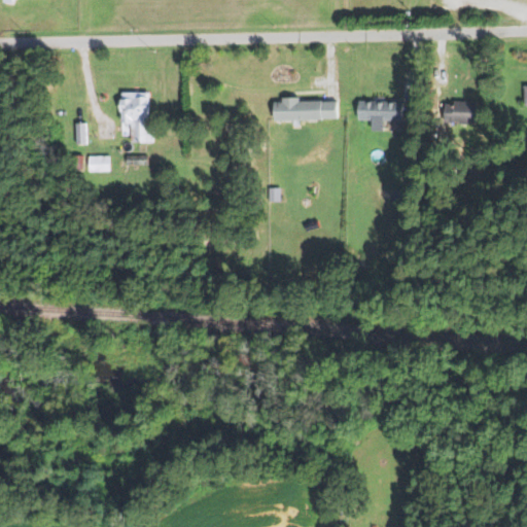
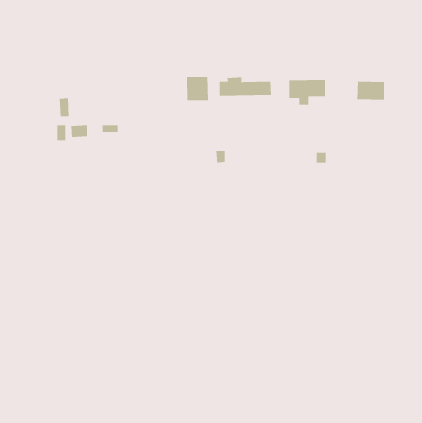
building: [119,93,156,145] -> none
building: none -> [187,76,208,101]

